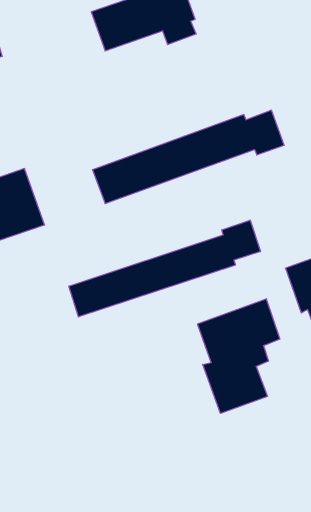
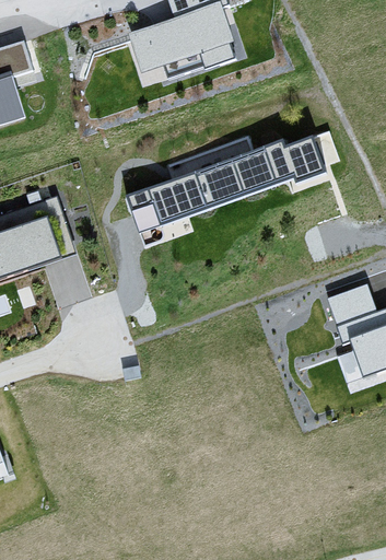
building: [69,220,260,317] -> none
building: [197,299,280,413] -> none

